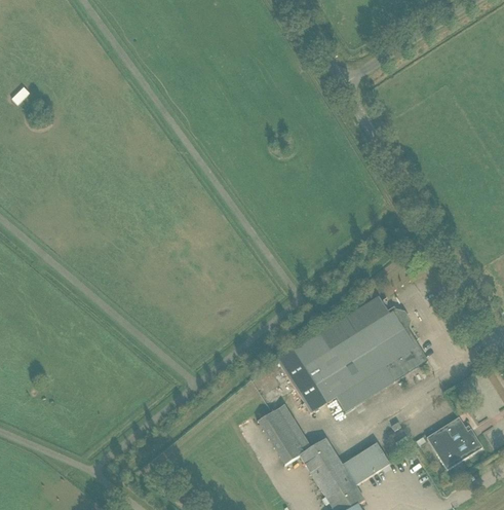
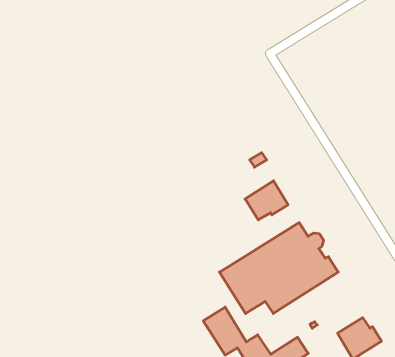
building: none -> [245,181,288,220]

